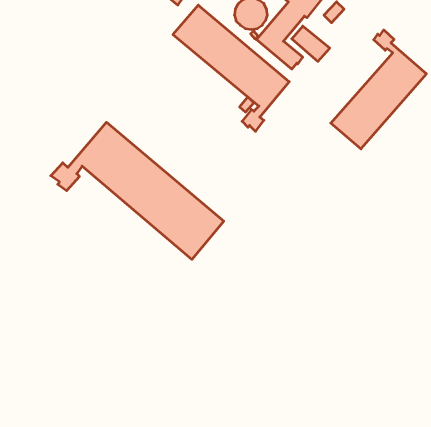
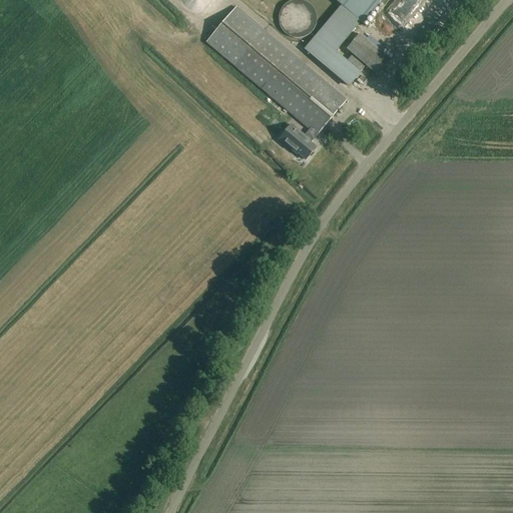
building: [331,30,426,149] -> none
building: [51,122,224,259] -> none

